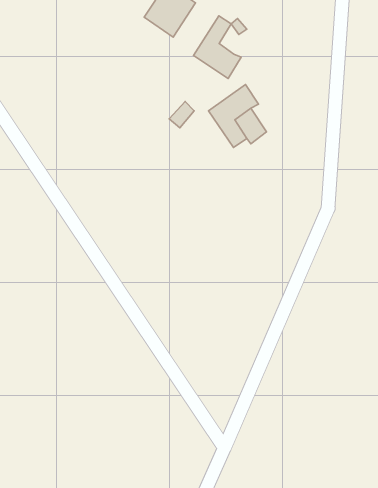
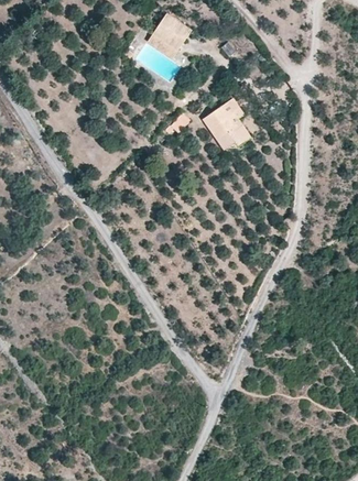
building: [194,16,241,78] -> none

